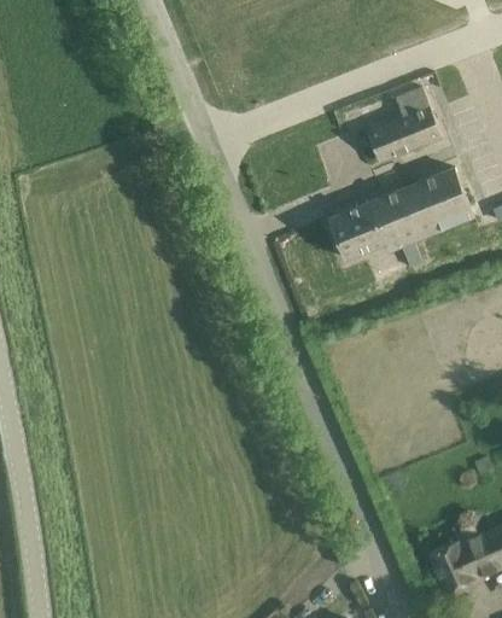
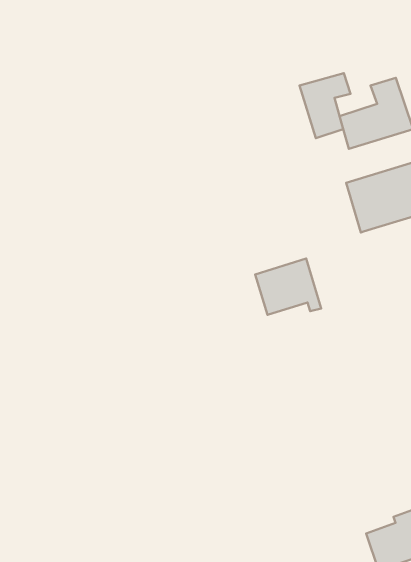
building: none -> [300,73,351,138]
building: [329,198,399,258] -> [255,259,321,315]

